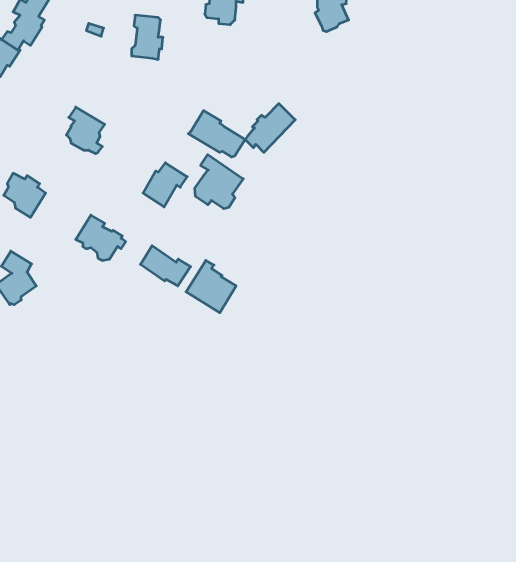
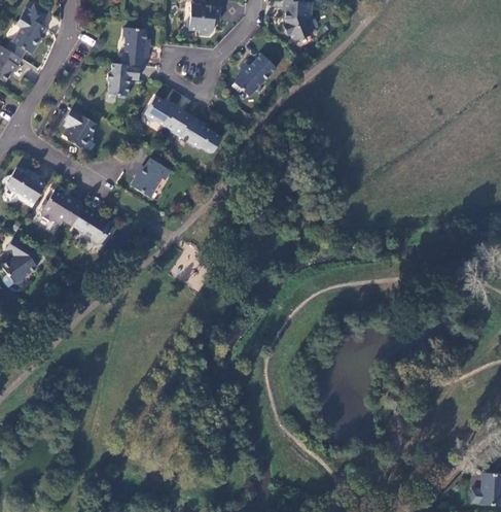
building: none -> [106,63,139,98]
building: none -> [143,96,184,130]
building: [245,104,295,152] -> [231,53,276,96]
building: [195,155,243,209] -> none
building: none -> [39,190,84,226]
building: [140,246,191,286] -> none

